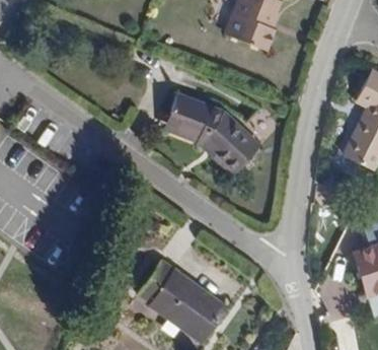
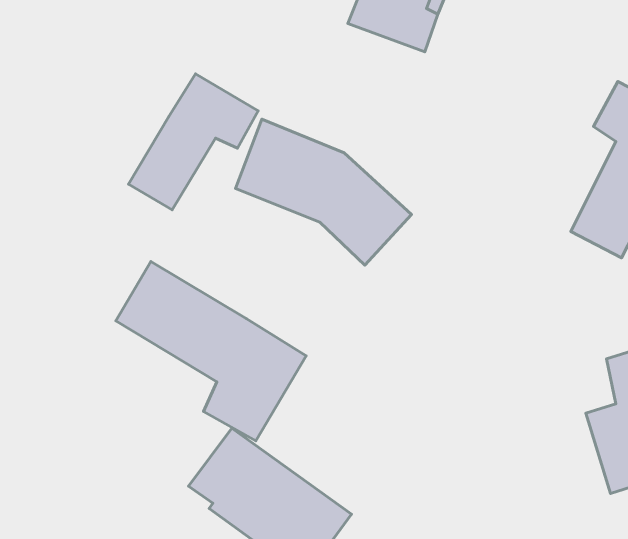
building: none -> [128,74,258,210]
building: none -> [116,262,306,441]

